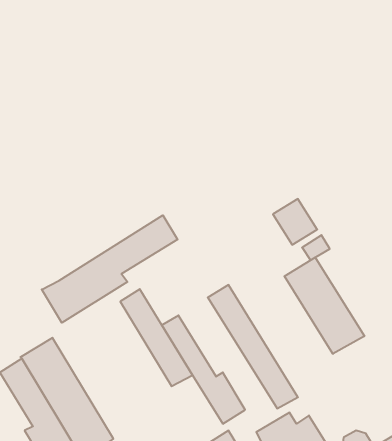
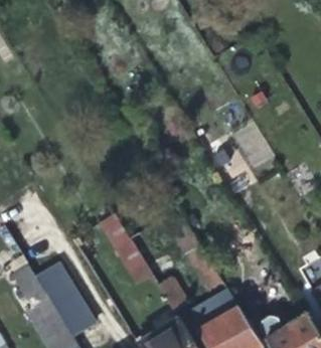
building: [42,215,178,323] -> none
building: [284,257,364,354] -> none

